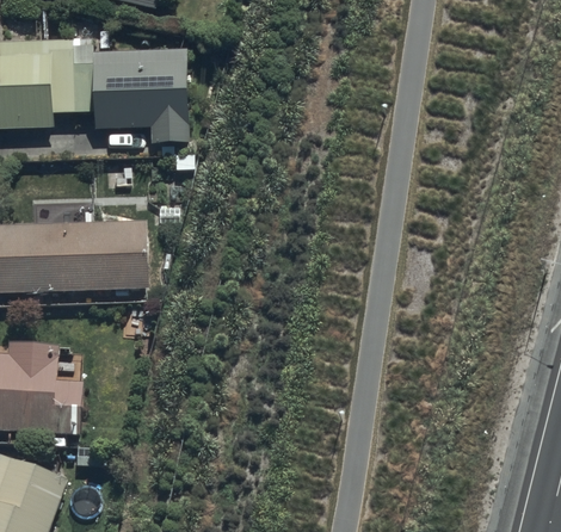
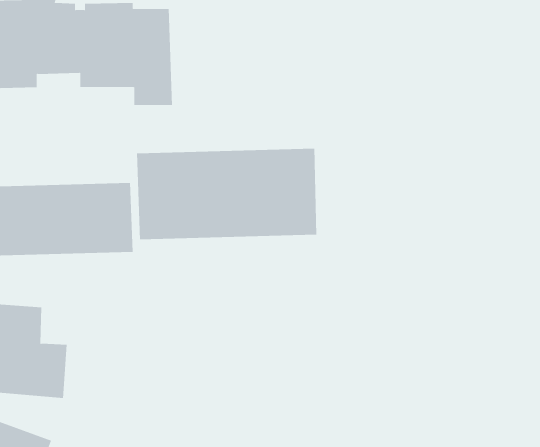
building: none -> [136,148,317,240]

